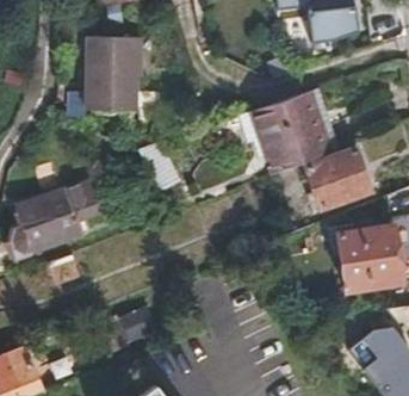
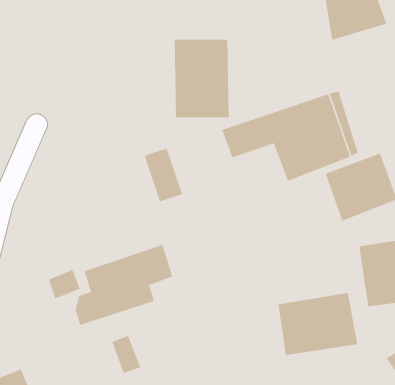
building: [87,37,138,110] -> [174,39,230,118]
building: [11,181,101,256] -> [75,244,173,326]
building: none -> [278,292,358,356]

